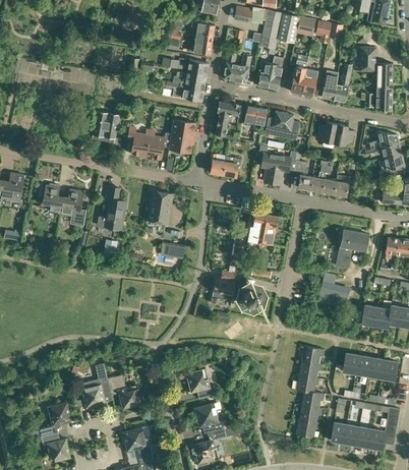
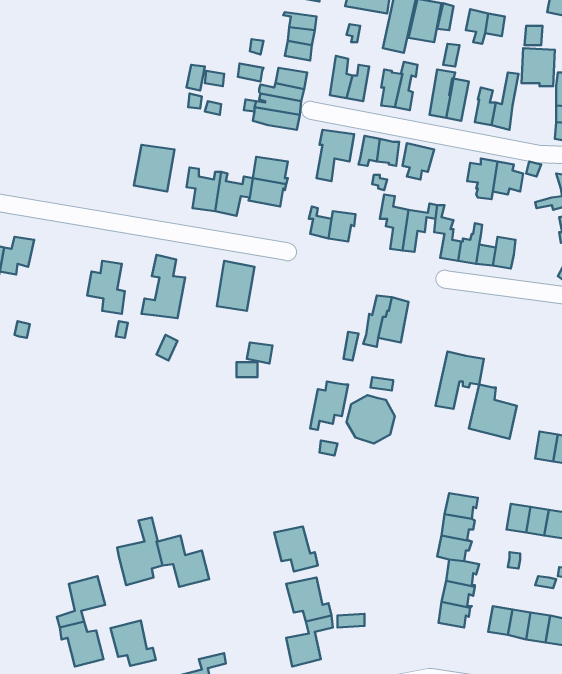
building: [43,185,63,214] -> none
building: [336,229,368,268] -> [436,351,484,409]
building: [122,428,153,459] -> [111,621,156,666]

